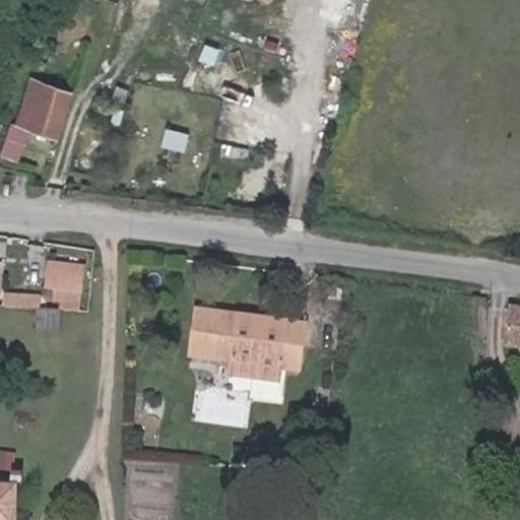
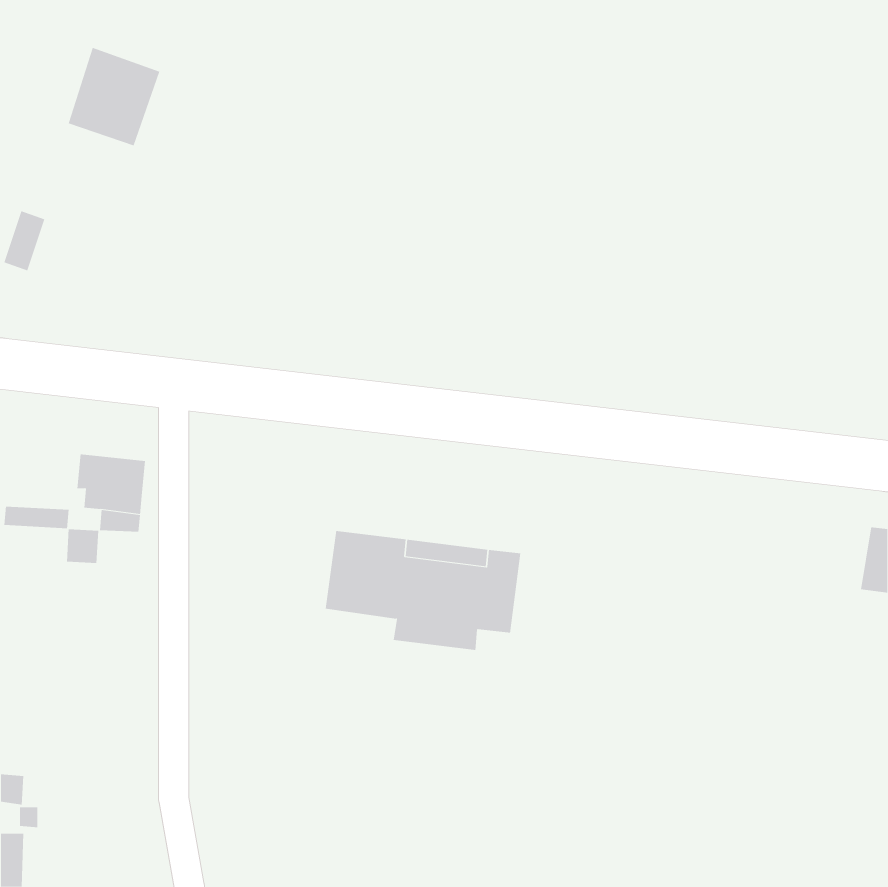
building: [17,78,71,136] -> [68,47,160,146]

